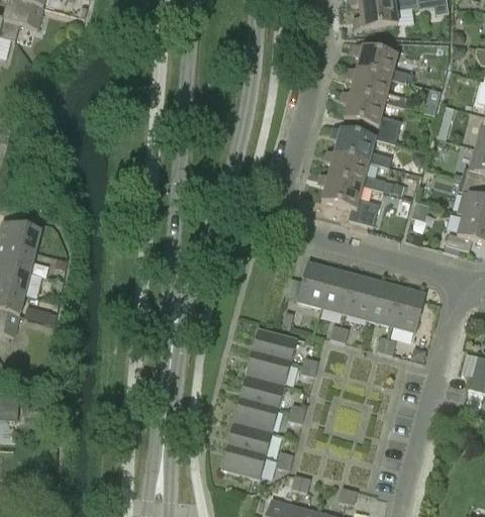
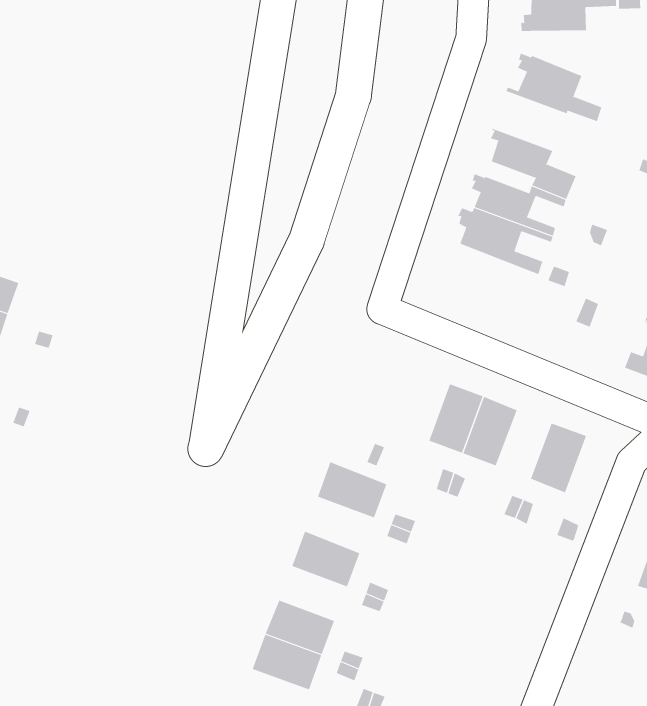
building: [342,70,407,108] -> none
building: [319,174,383,225] -> none
building: [297,261,331,306] -> none
building: [368,280,401,324] -> none
building: [246,350,291,385] -> none
building: [233,398,278,431] -> none

